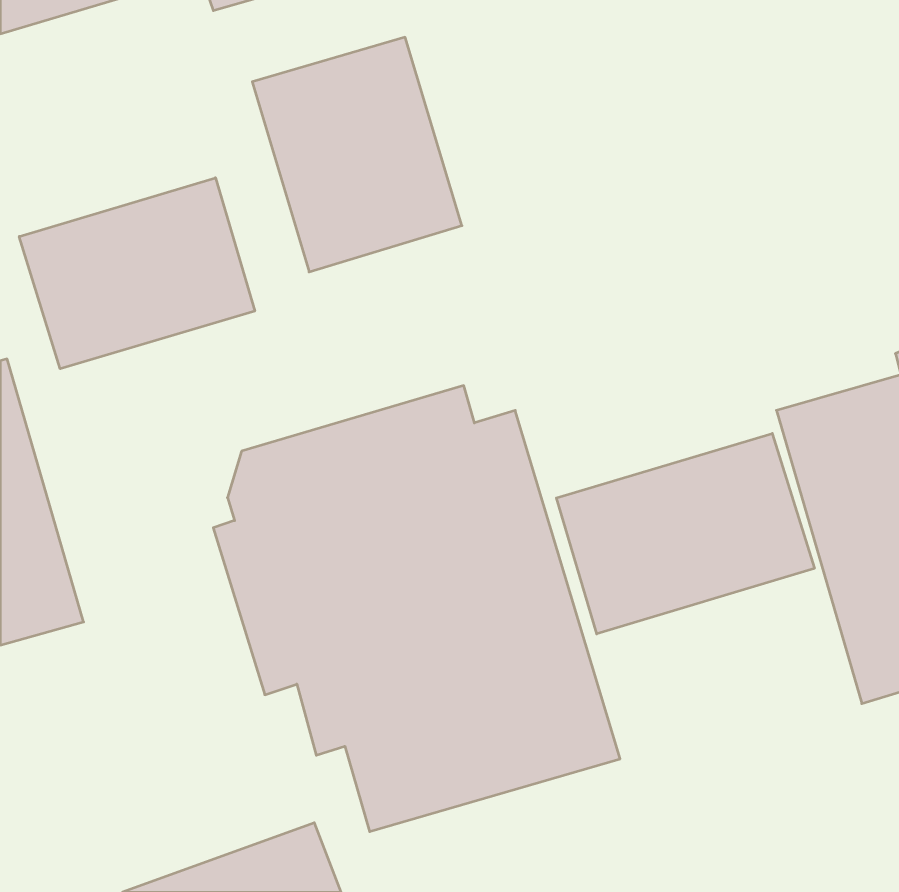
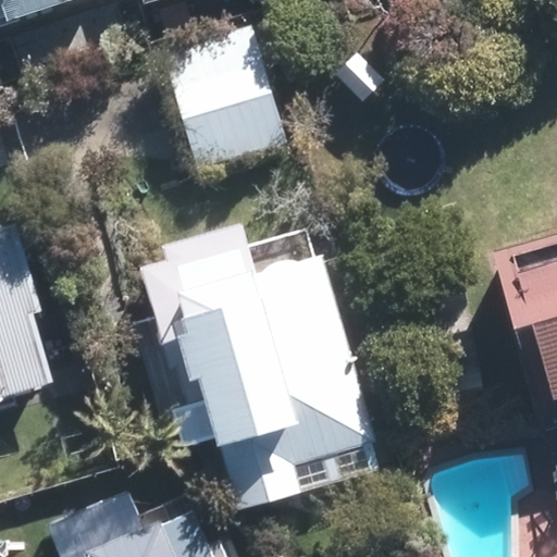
building: [19,178,255,369] -> none
building: [556,433,814,634] -> none

